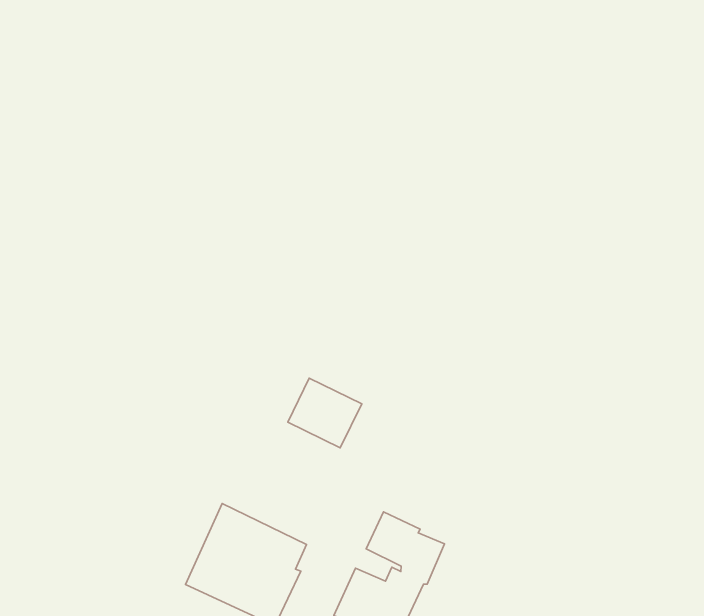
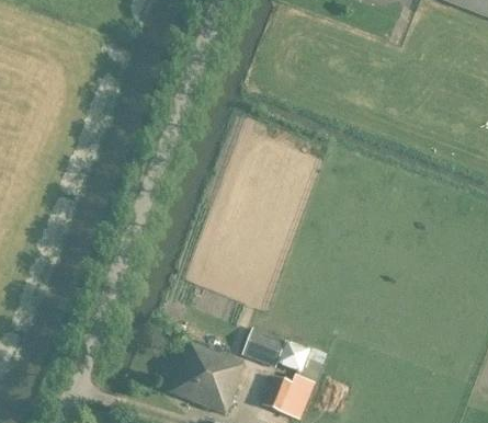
building: [288,378,362,448] -> [241,327,285,367]

